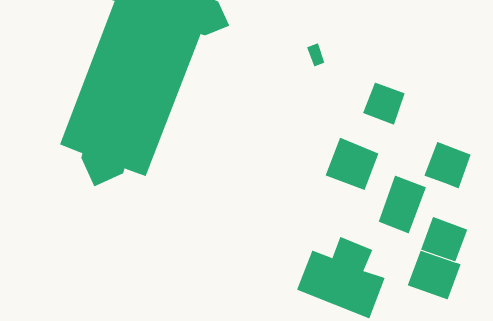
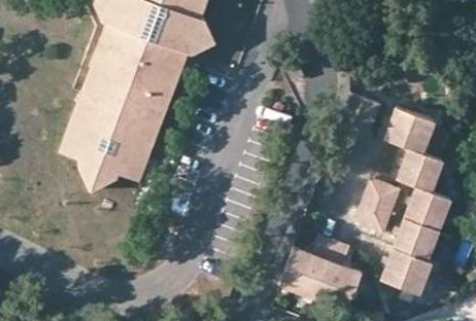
building: none -> [382,109,432,154]
building: [325,137,379,191] -> none
building: none -> [403,188,447,230]

